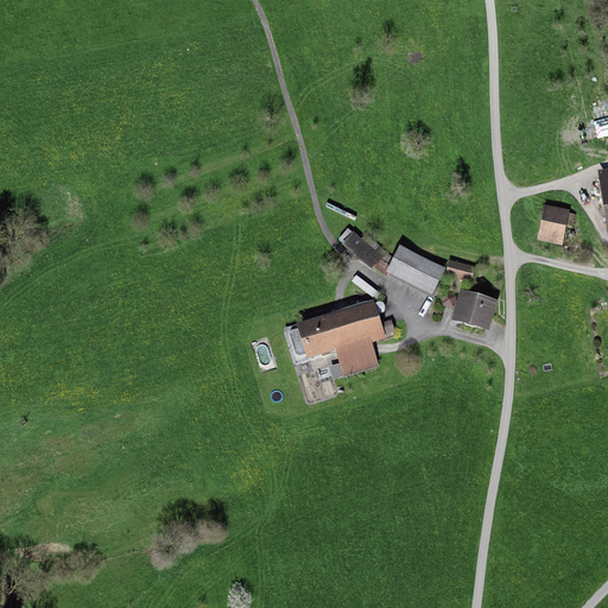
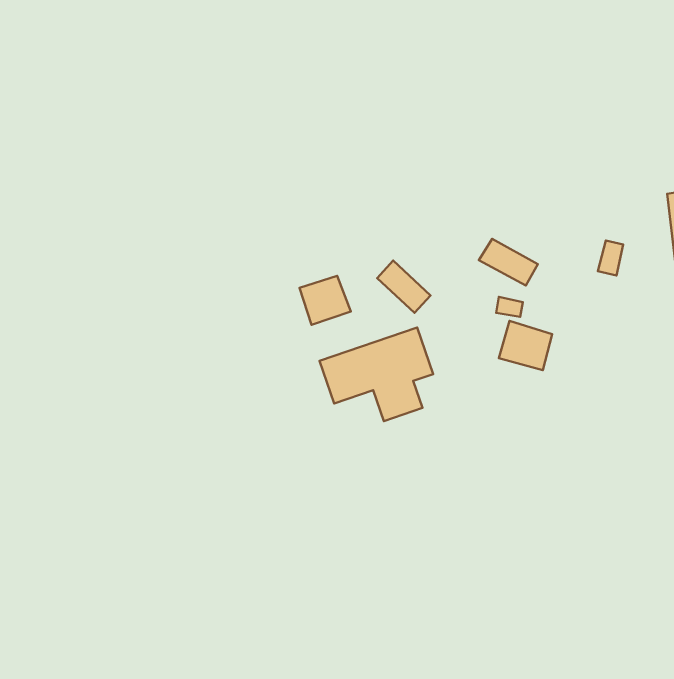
building: none -> [300,276,351,325]
building: [393,254,445,296] -> [479,239,538,285]

